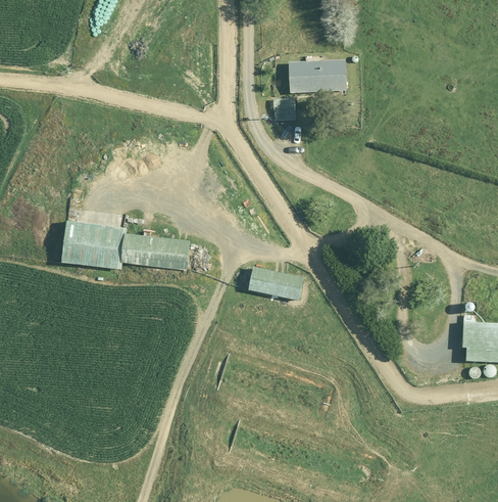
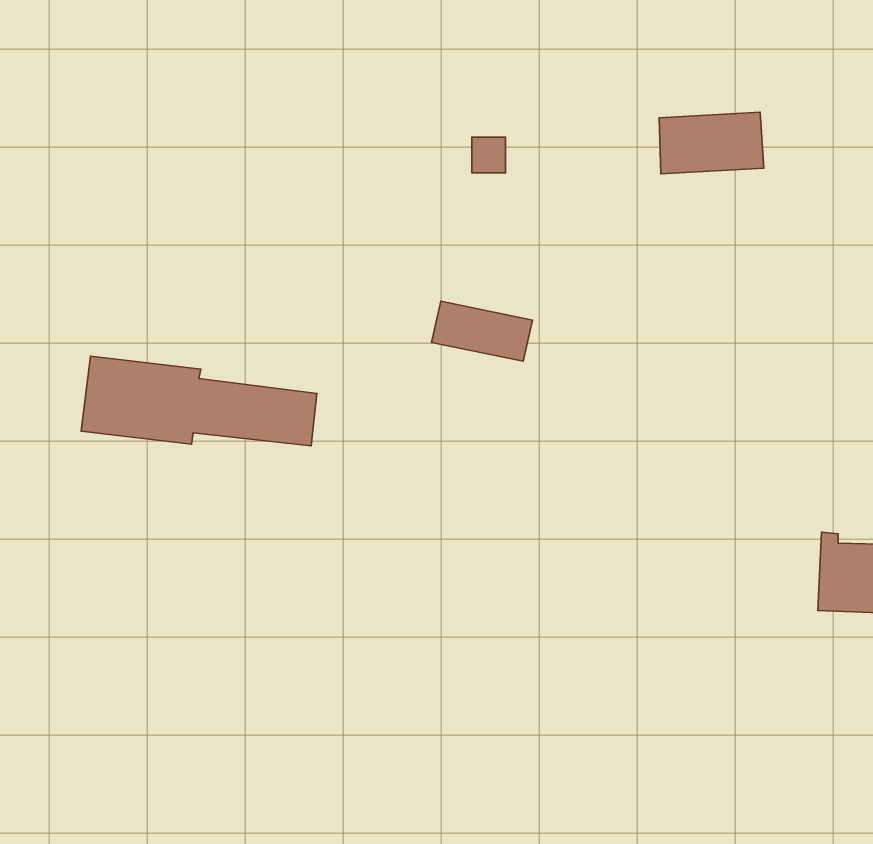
building: [290,60,347,94] -> [659,112,764,174]
building: [249,267,304,300] -> [431,301,532,361]

